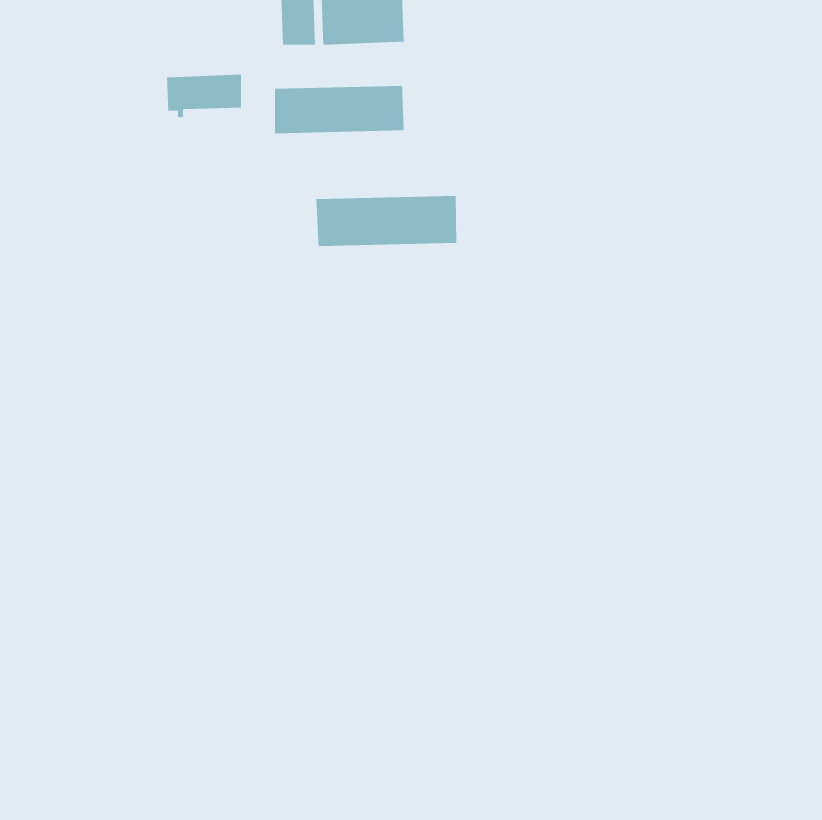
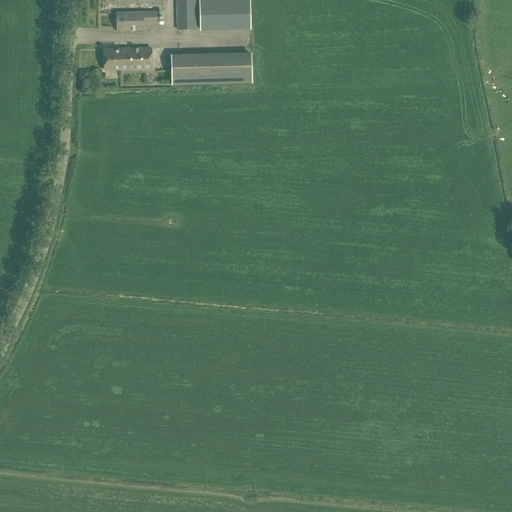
building: none -> [115,9,157,29]
building: [316,195,457,247] -> none

